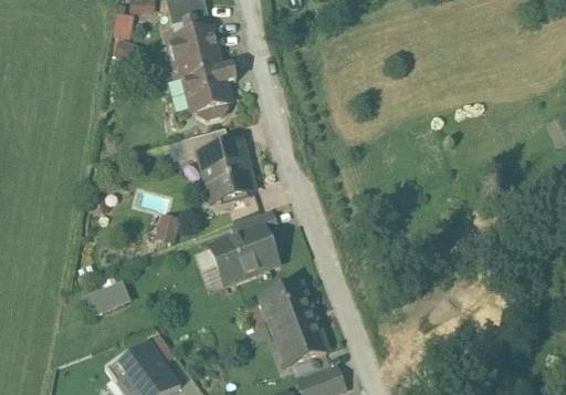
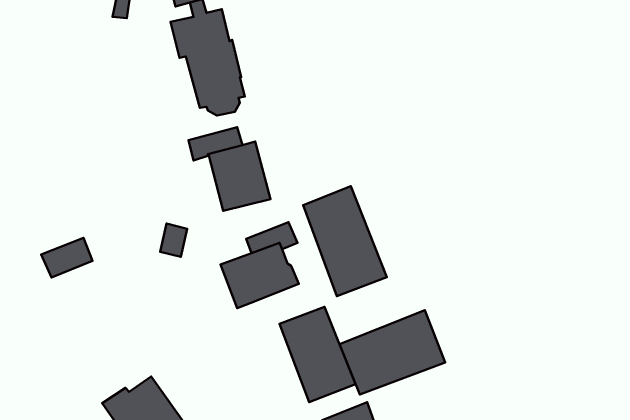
building: none -> [303,186,387,296]
building: [85,281,129,315] -> [41,238,93,278]
building: none -> [340,310,445,395]

